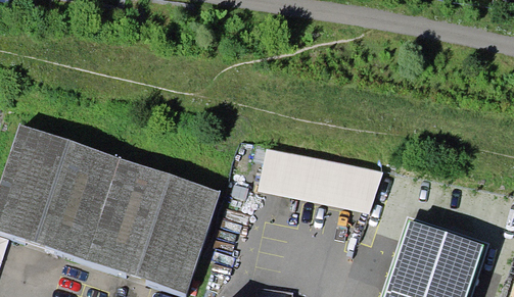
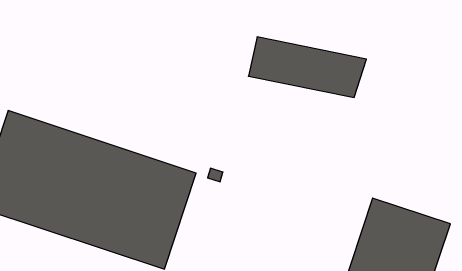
building: [256,149,382,213] -> [248,37,366,97]

